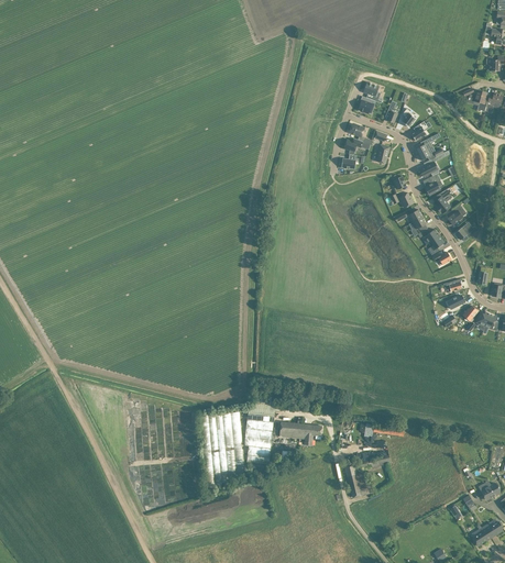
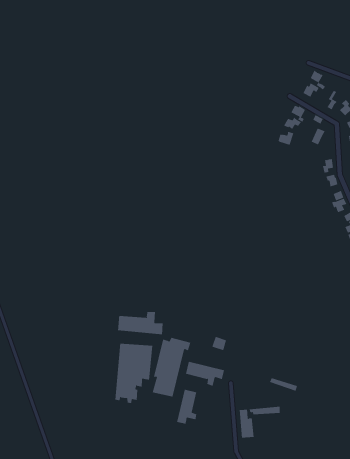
building: none -> [117,311,163,335]
building: none -> [176,389,197,425]

